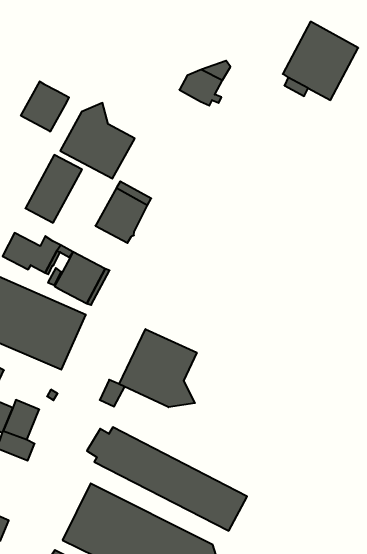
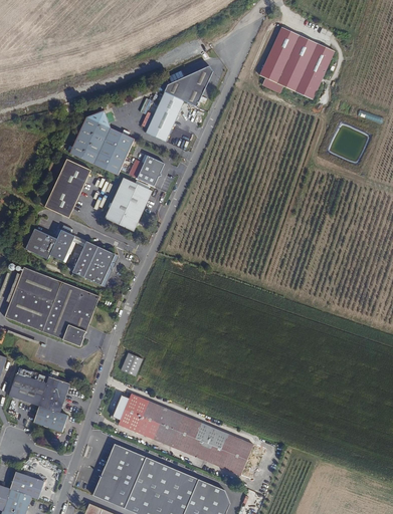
building: [21,81,69,132] -> none
building: none -> [152,94,190,144]
building: none -> [137,156,165,186]
building: [119,329,197,407] -> none

